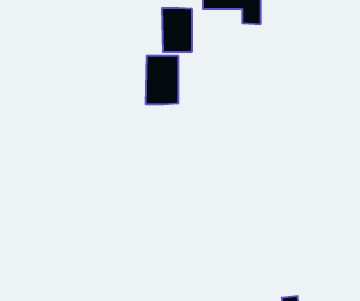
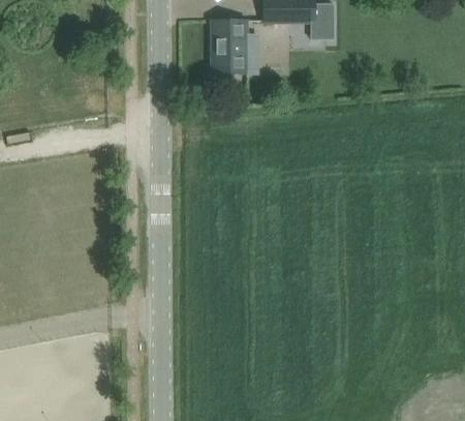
building: [146,56,178,104] -> none

